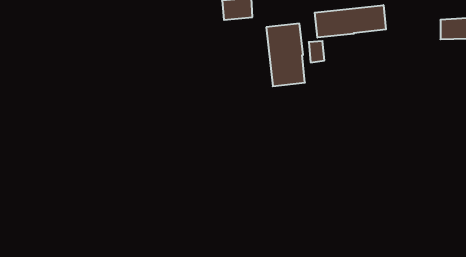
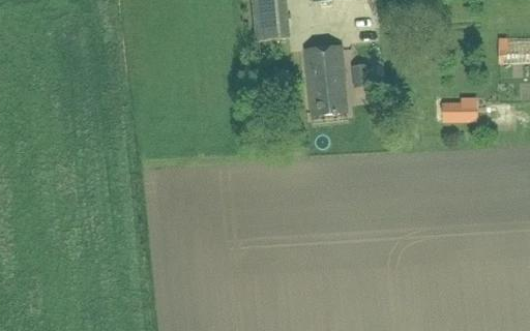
building: [315,5,386,38] -> none
building: none -> [441,100,476,118]

